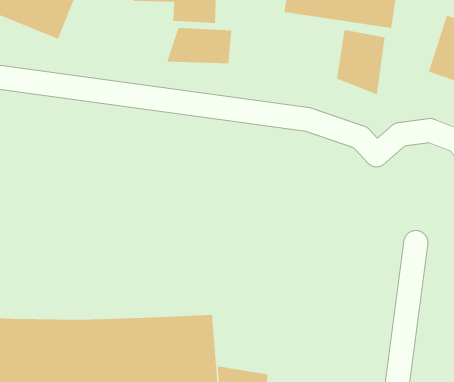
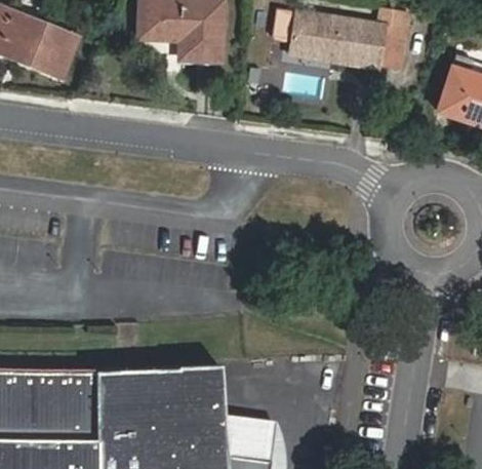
building: [166,27,232,64] -> none
building: [336,29,385,95] -> none

